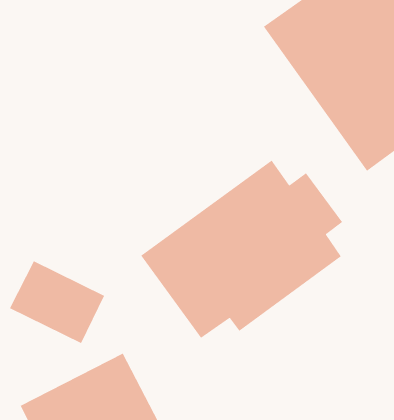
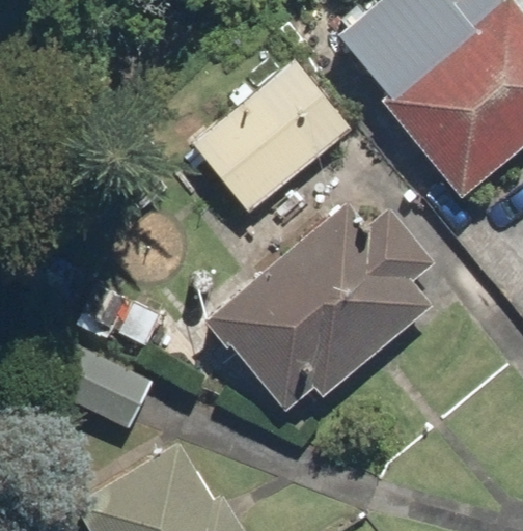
building: none -> [190,53,359,215]

